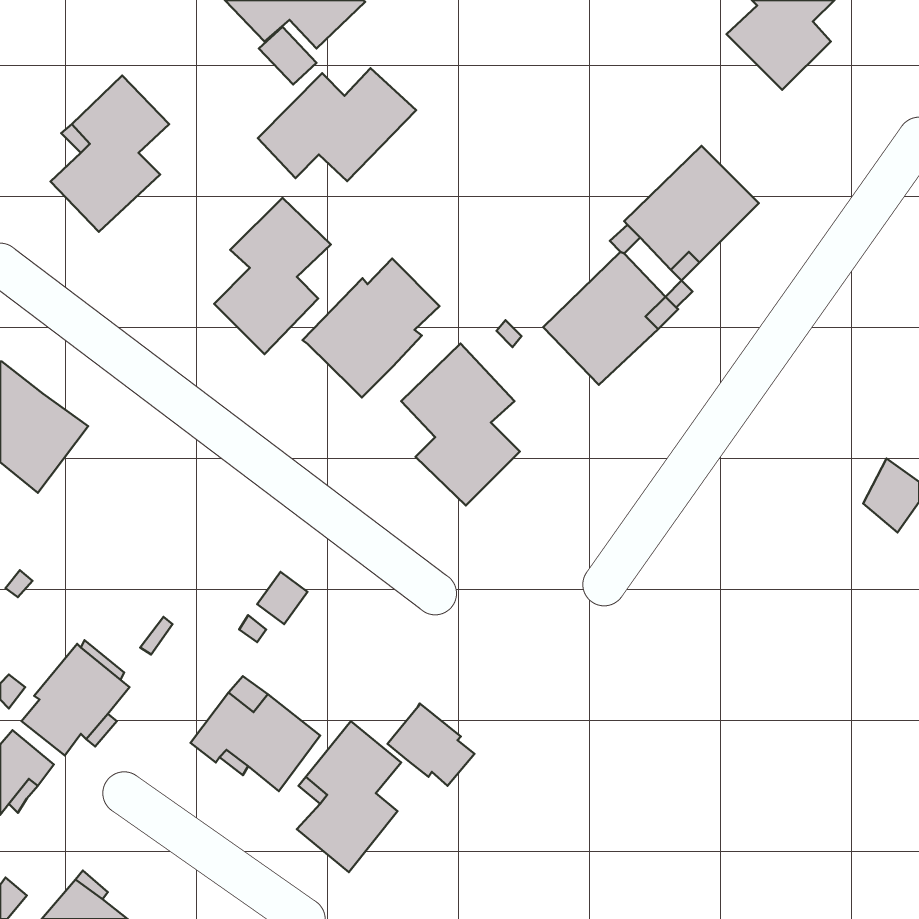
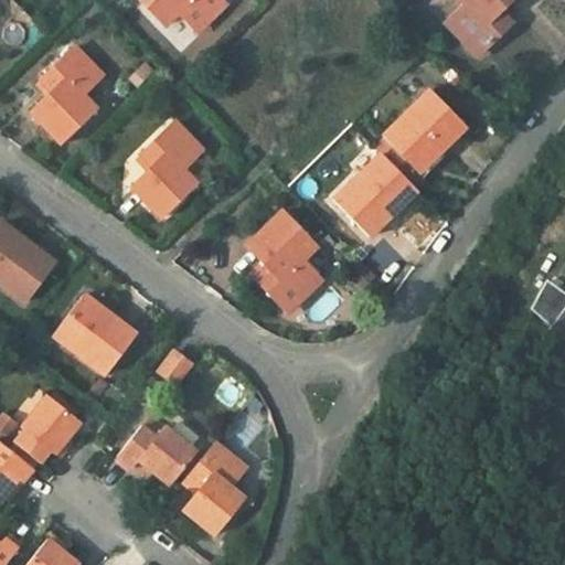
building: [258,68,416,181] -> none
building: [303,258,440,398] -> none
building: none -> [53,295,137,375]
building: [388,704,474,786] -> none

